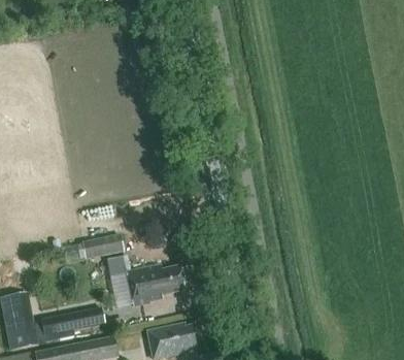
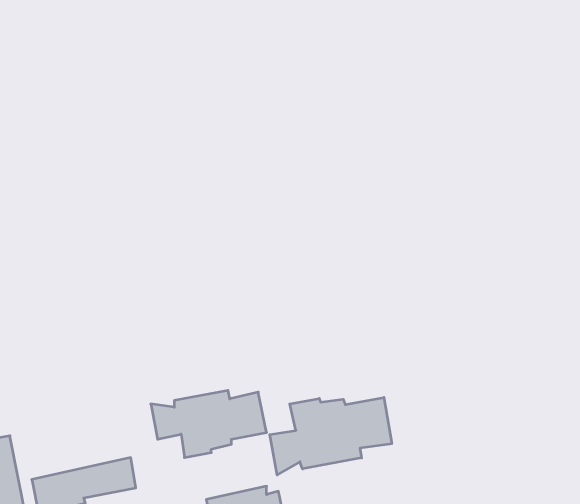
building: [81,233,123,258] -> none
building: none -> [270,397,392,475]

